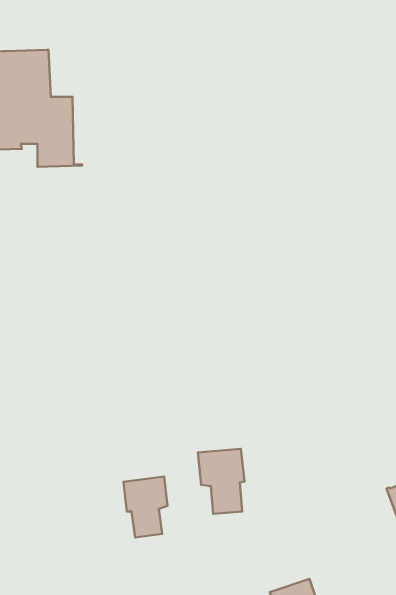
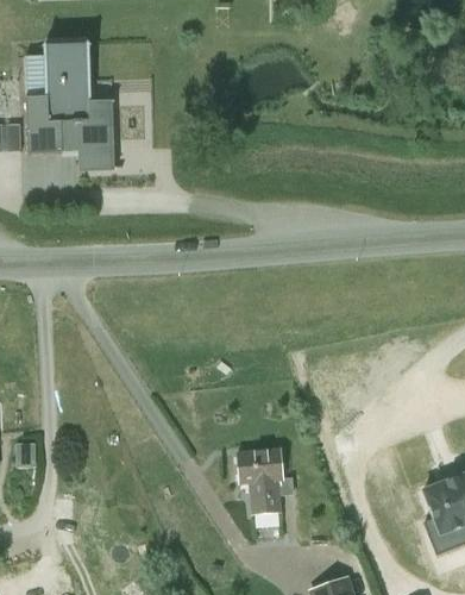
building: [124,476,167,538] -> none

